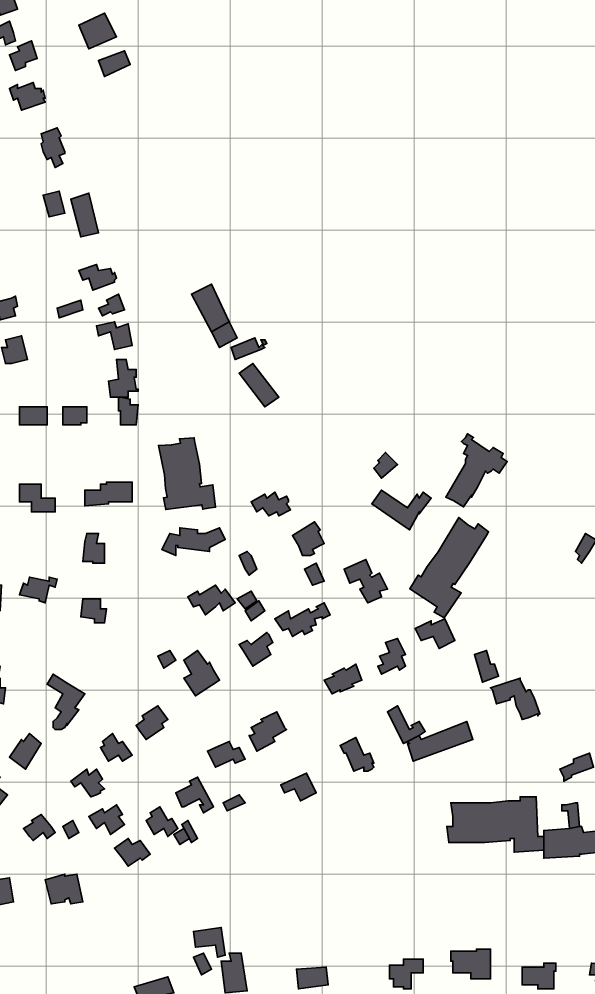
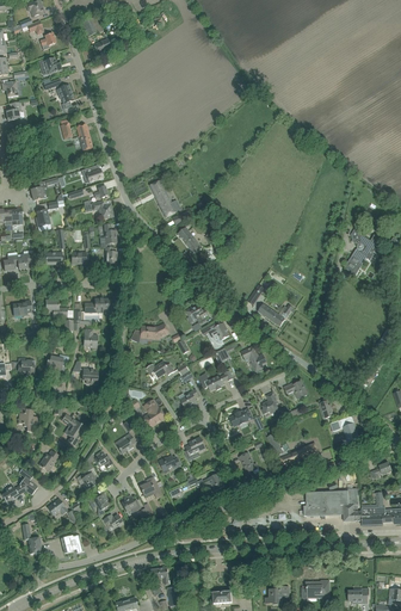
building: [446,434,507,507] -> [345,230,382,274]
building: [159,438,215,510] -> none
building: [410,517,488,618] -> none

